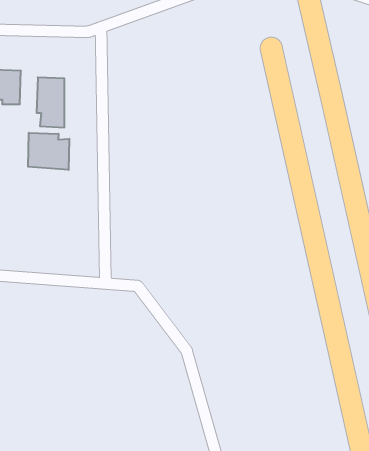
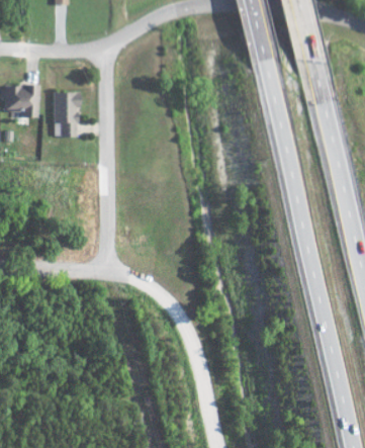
building: [28,133,69,170] -> none

